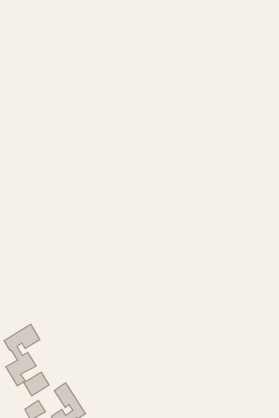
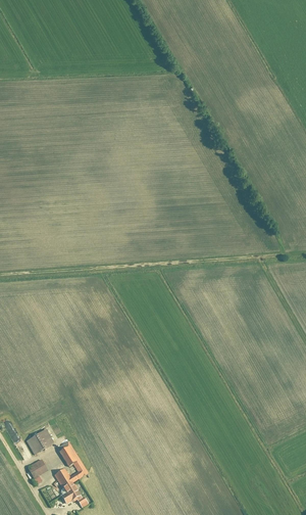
building: [4,324,40,386] -> none

